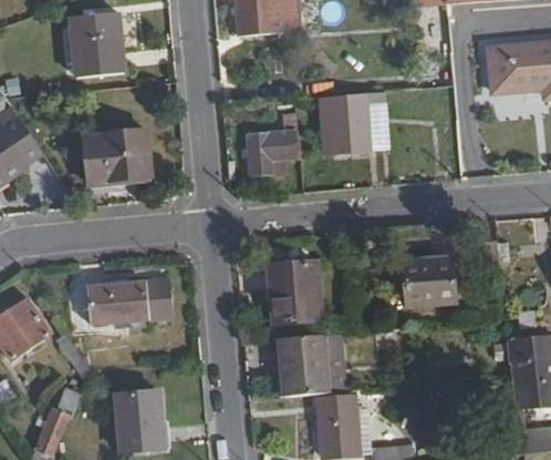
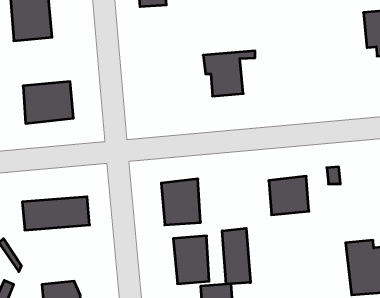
building: [488,42,533,91] -> none
building: [243,130,300,174] -> none
building: none -> [222,228,250,284]

